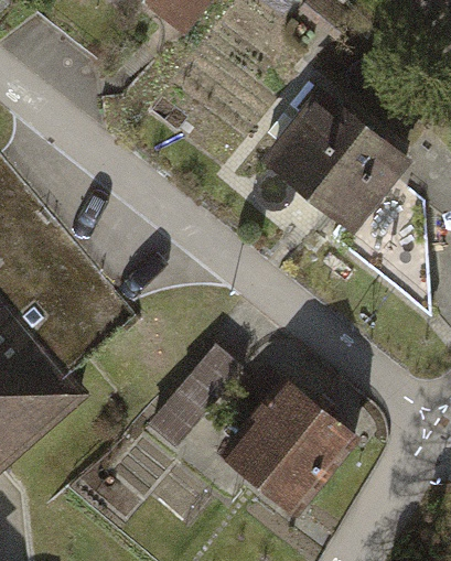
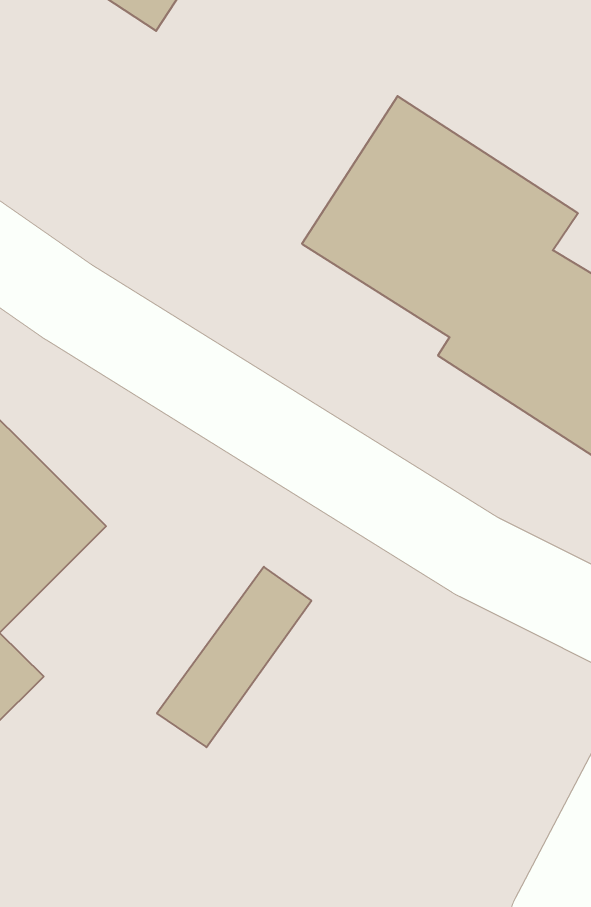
building: [223,368,355,514] -> none

